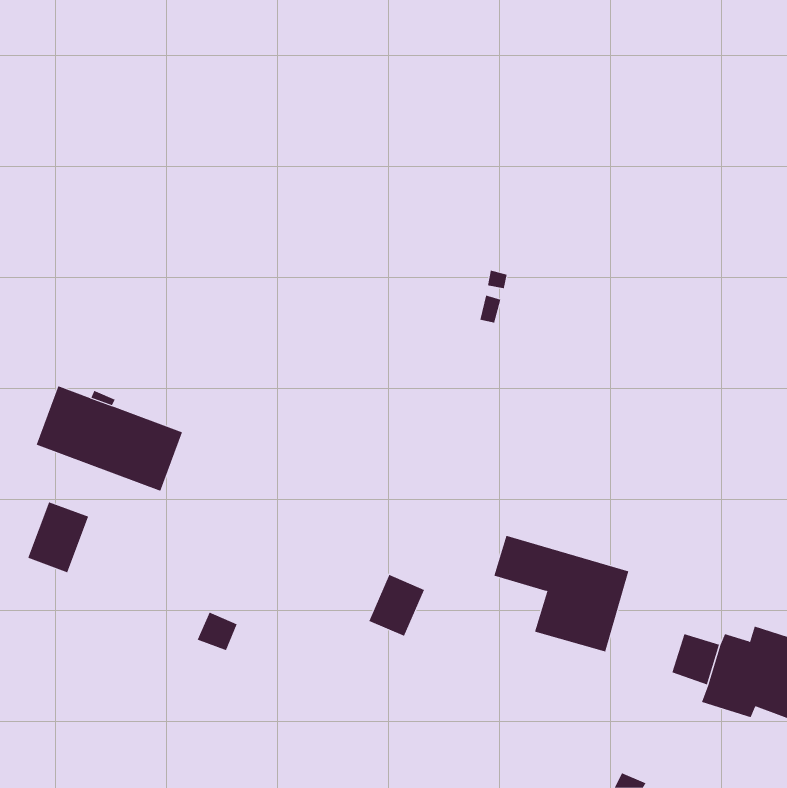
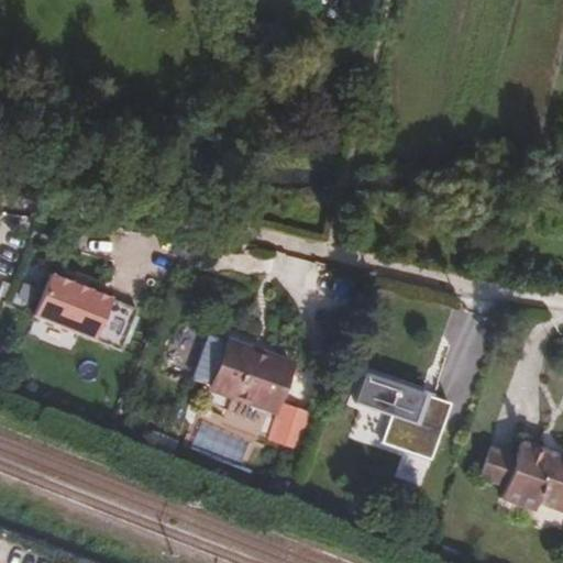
building: none -> [197,334,296,411]
building: [28,501,89,573] -> none

